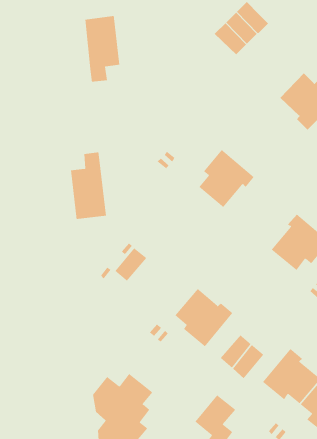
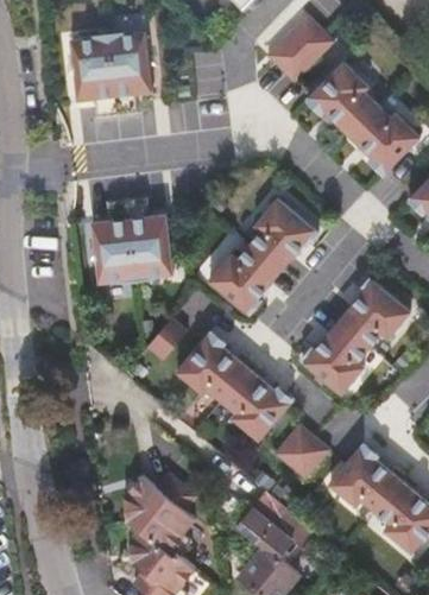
building: none -> [71,37,118,116]
building: none -> [308,61,379,133]
building: none -> [127,198,174,278]
building: none -> [209,242,280,312]
building: none -> [301,319,371,392]
building: none -> [175,330,248,400]

